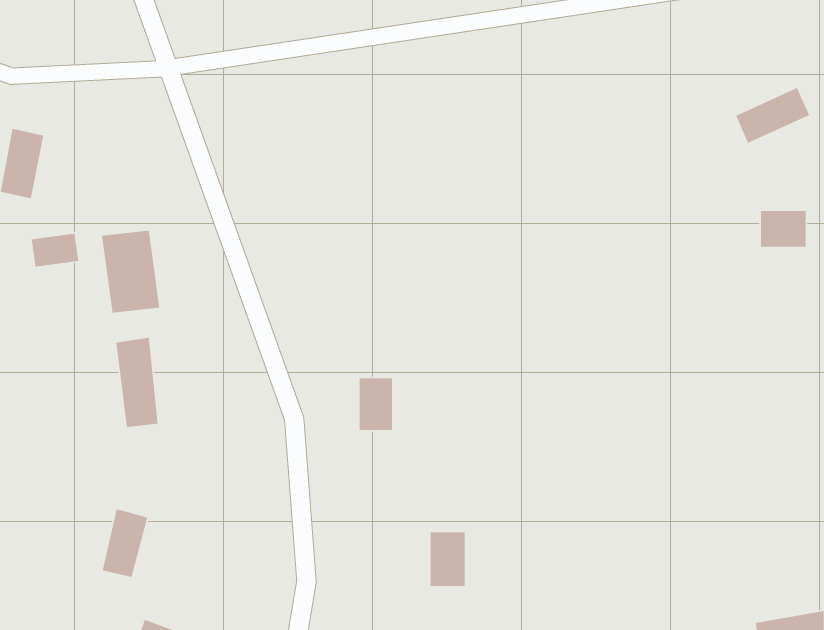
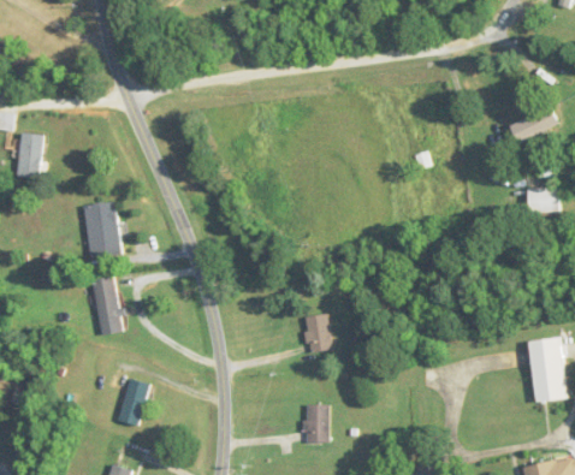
building: [31,233,79,267] -> none
building: [359,377,393,431] -> [307,315,330,351]
building: none -> [528,337,564,402]
building: [102,508,148,578] -> [119,378,150,424]

